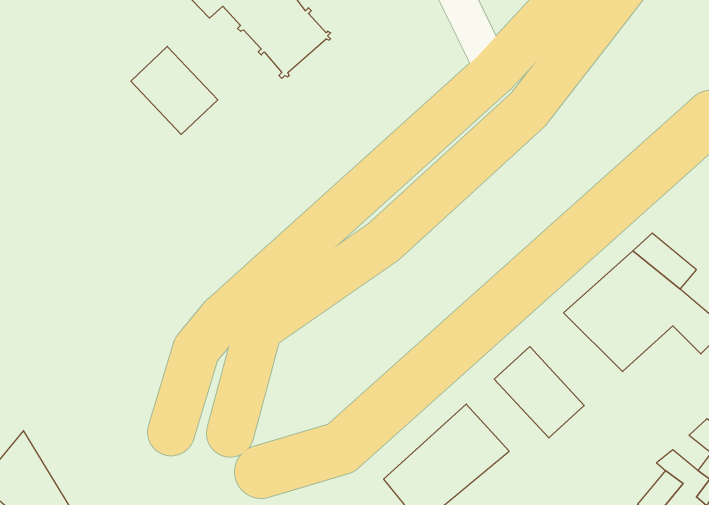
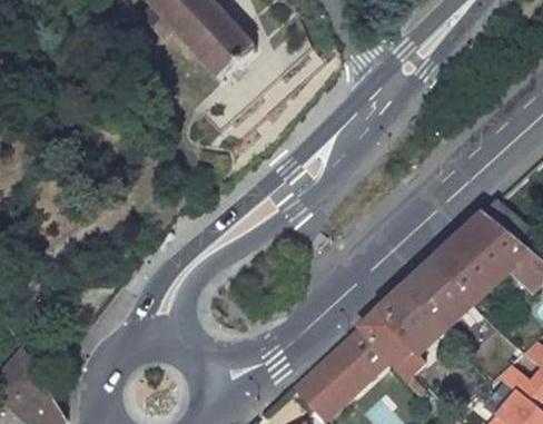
building: [131,46,218,134] -> none
building: none -> [404,259,474,329]
building: none -> [359,309,425,378]

